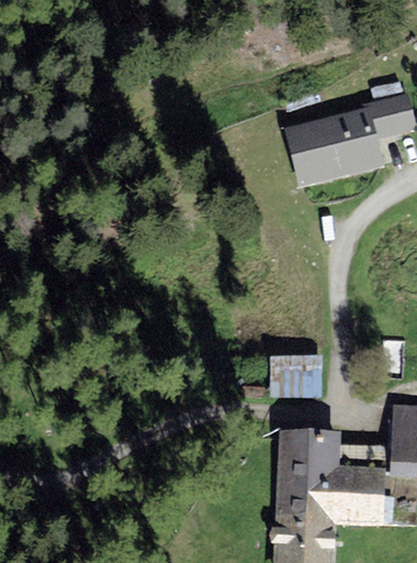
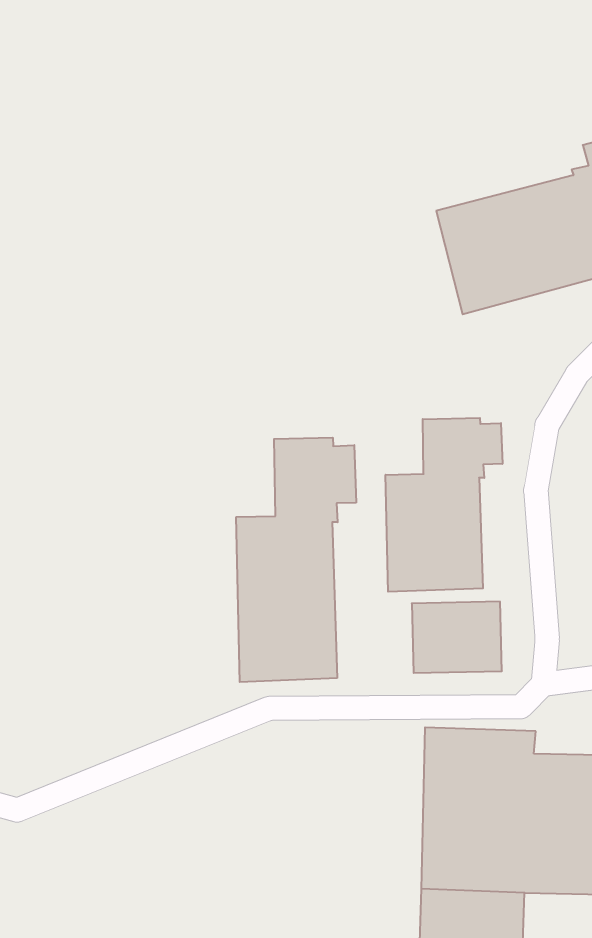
building: none -> [386,418,502,592]
building: none -> [236,438,356,682]

